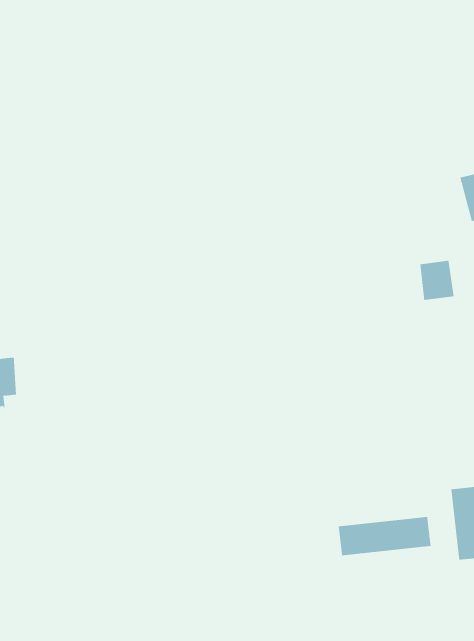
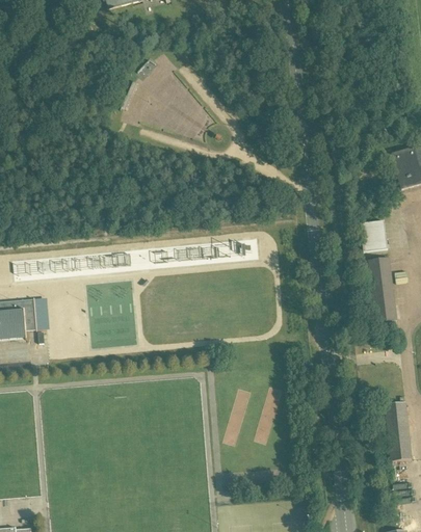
building: none -> [368,257,396,323]
building: [338,516,431,556] -> none

